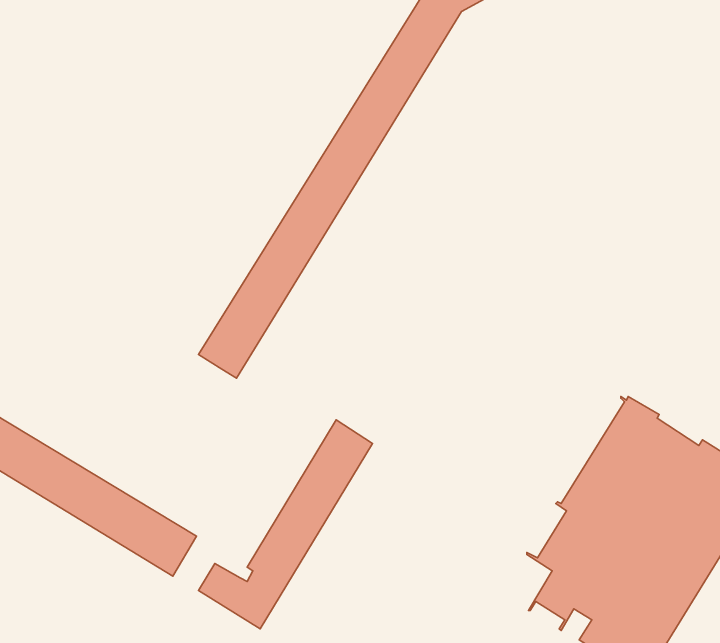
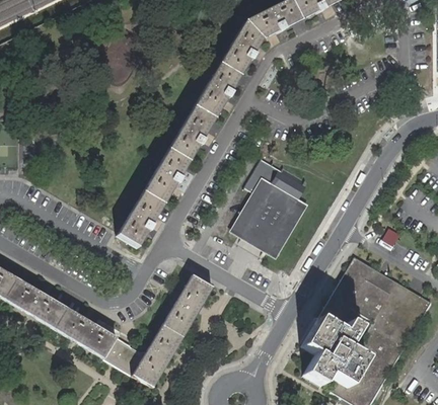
building: none -> [230,159,306,256]
building: none -> [101,335,146,366]

